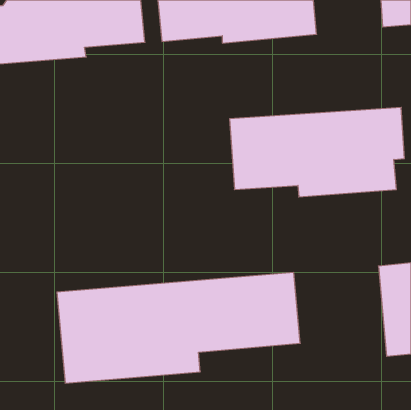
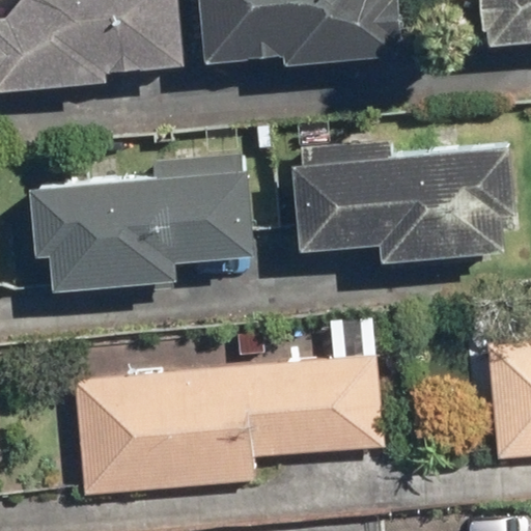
building: none -> [30,166,259,289]

